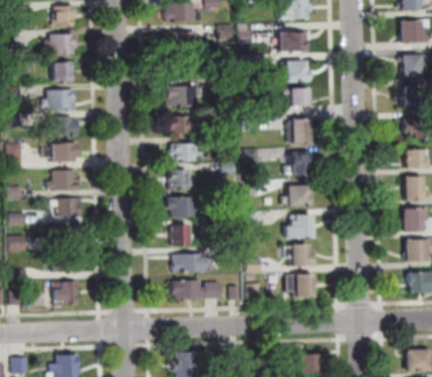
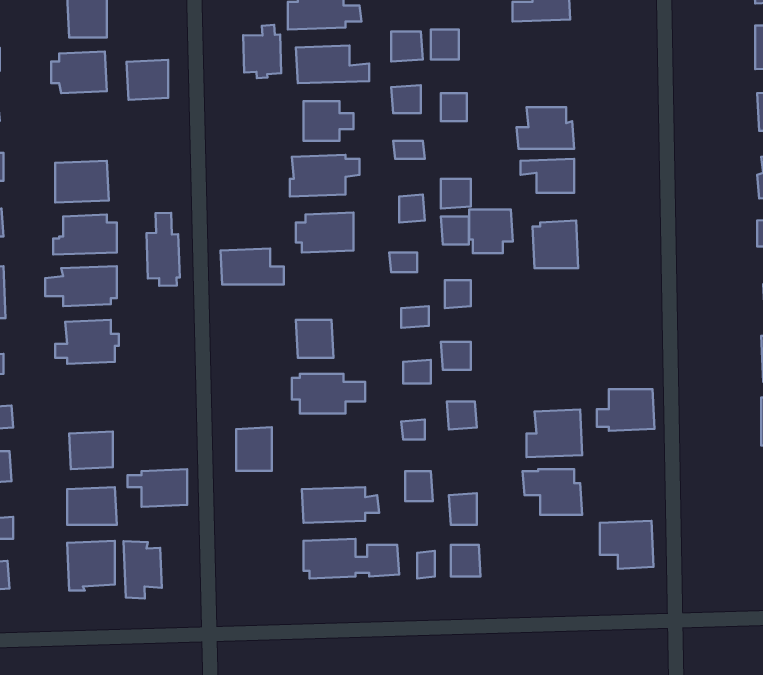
building: none -> [243,25,281,78]
building: [278,31,306,50] -> none
building: [52,59,73,79] -> [126,60,168,100]
building: none -> [147,213,180,286]
building: [171,141,203,159] -> [220,249,284,284]
building: [290,151,312,173] -> [469,210,513,253]
building: [281,184,310,206] -> [597,389,654,431]
building: [50,197,80,216] -> [128,469,187,507]
building: [171,223,189,245] -> [236,427,272,471]
building: [287,273,314,297] -> [600,521,654,569]
building: none -> [123,541,162,599]

